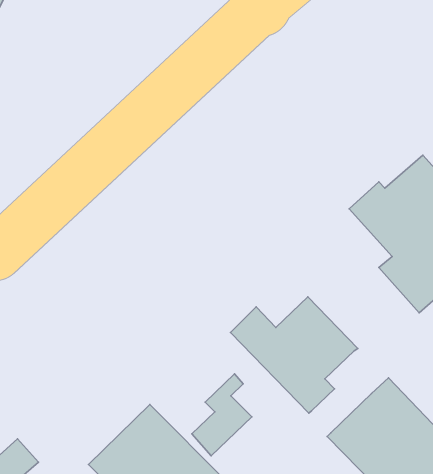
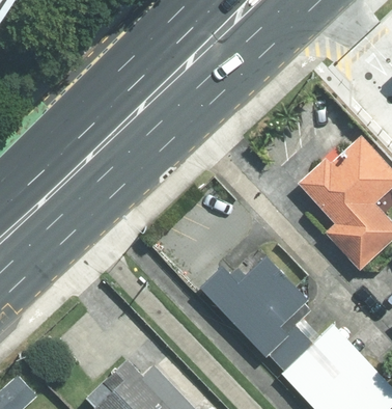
building: [192,374,252,456] -> [268,301,318,371]

